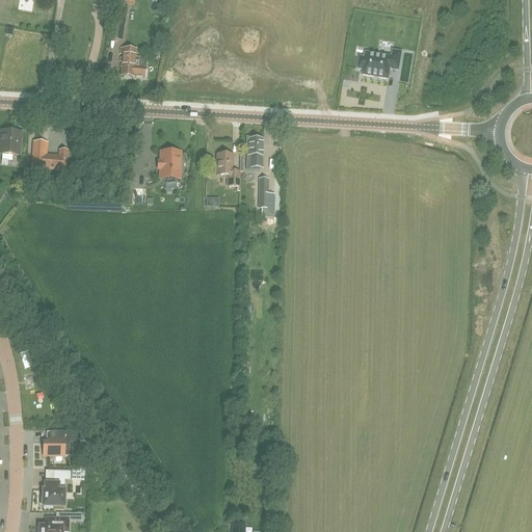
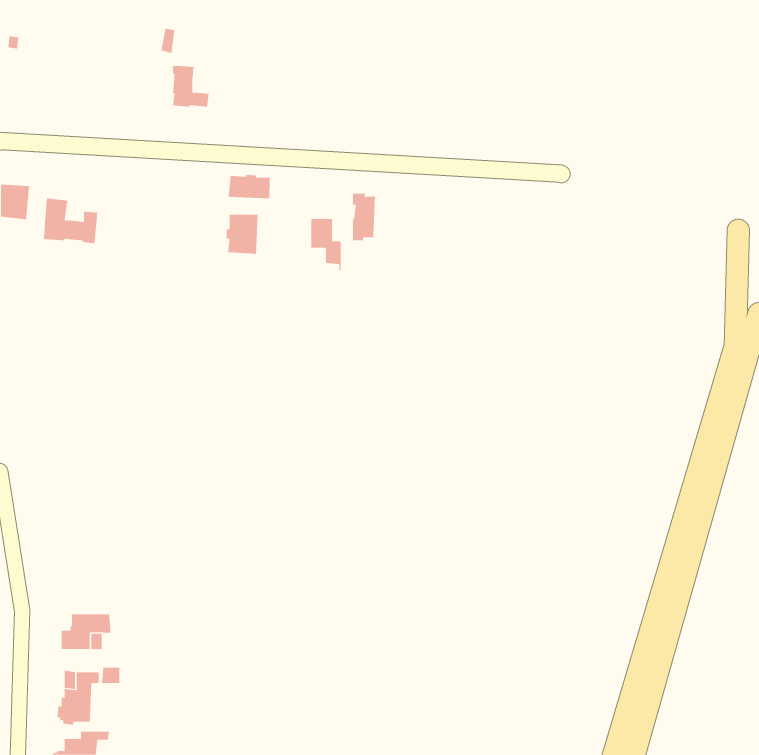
building: [357,48,401,77] -> none
building: none -> [228,174,270,199]
building: [259,177,274,215] -> none

